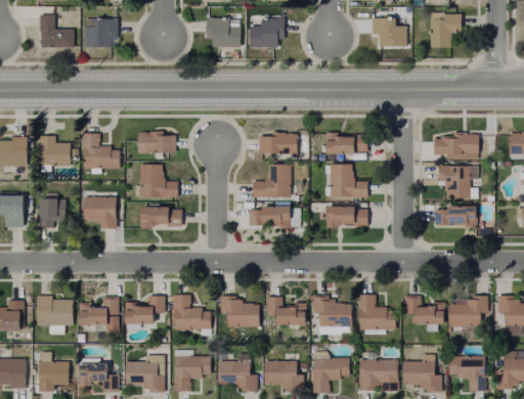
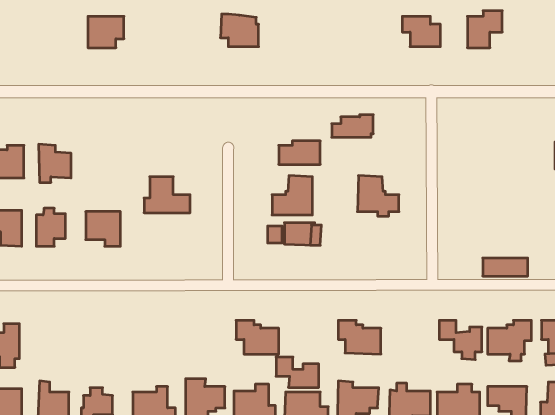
building: [39,14,73,47] -> none
building: [252,17,285,47] -> none
building: [138,132,176,152] -> none
building: [435,132,481,161] -> none
building: [83,133,120,168] -> none
building: [330,134,367,154] -> [332,115,373,137]
building: [439,166,470,198] -> none
building: [328,207,368,228] -> none
building: [141,209,182,229] -> none
building: [435,209,476,225] -> [483,258,528,276]
building: [359,294,395,329] -> none
building: [174,295,211,329] -> none
building: [37,296,73,335] -> none
building: [81,296,119,334] -> none
building: [125,296,165,324] -> none
building: [267,297,306,324] -> [276,357,319,387]

